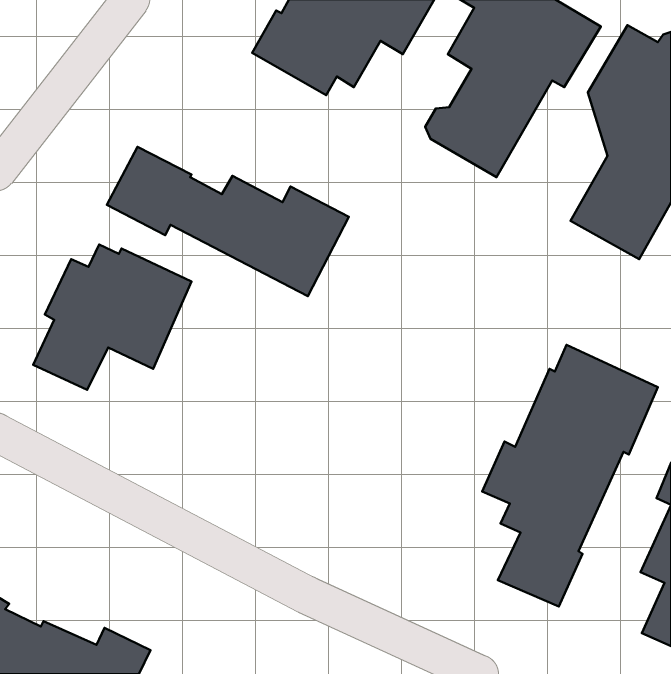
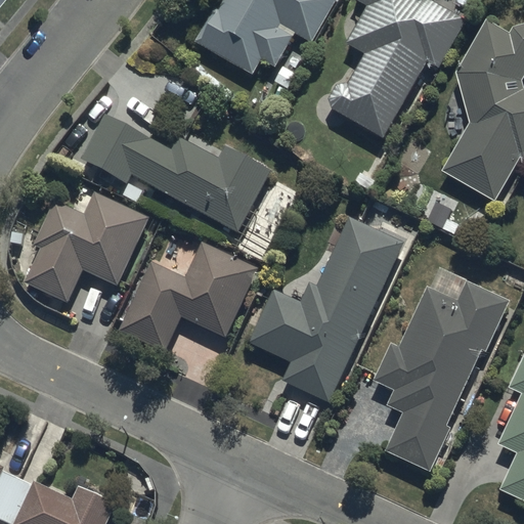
building: none -> [250,217,403,402]
building: none -> [121,242,259,352]

